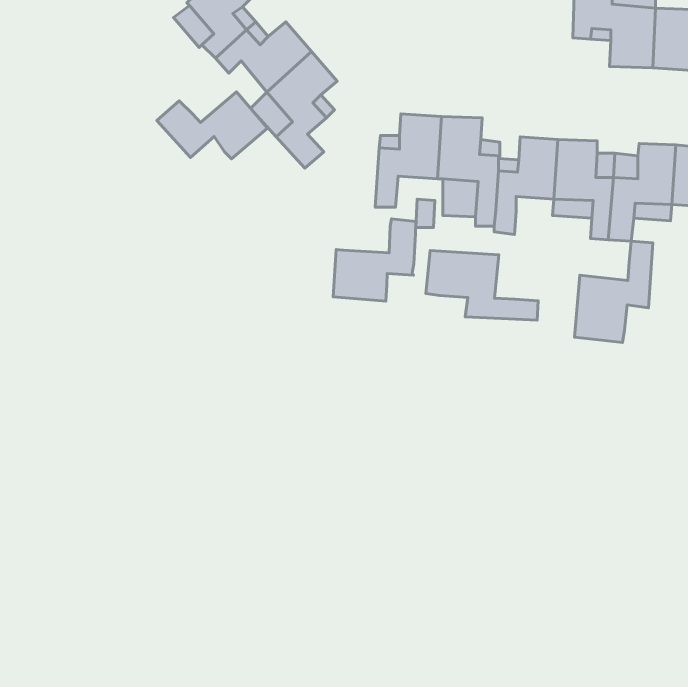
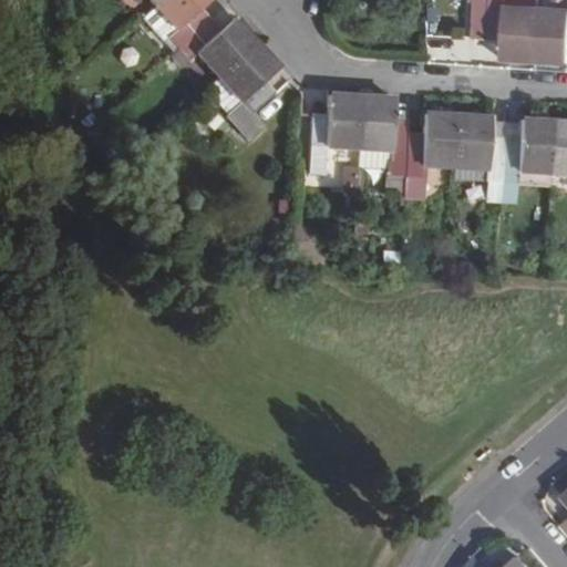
building: [157,92,267,159] -> none
building: [333,219,416,301] -> none
building: [574,241,653,343] -> none
building: [426,250,538,320] -> none

